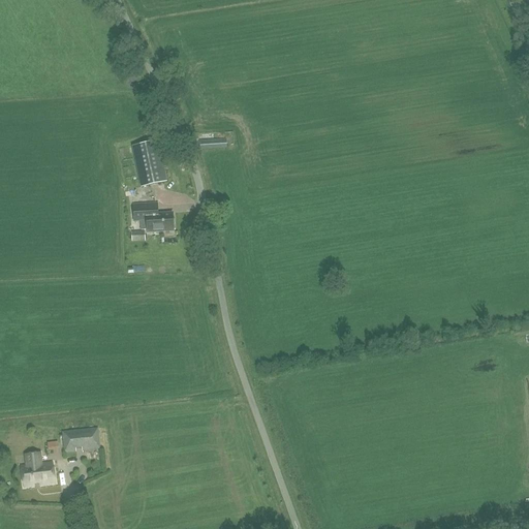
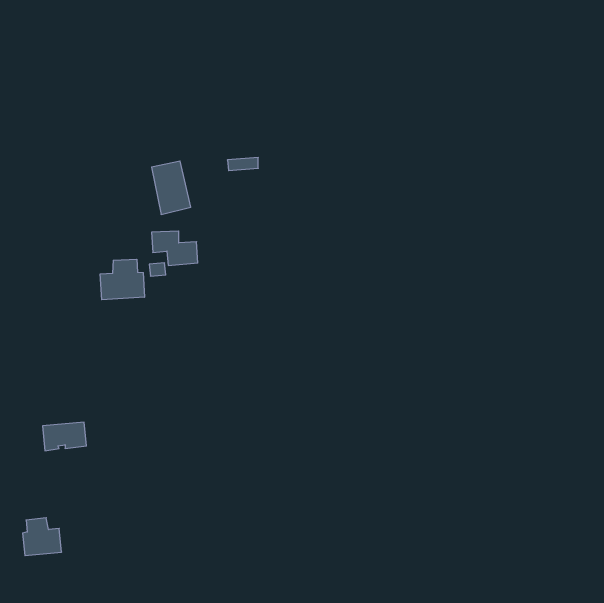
building: none -> [100,259,144,300]
building: [61,427,99,452] -> [43,422,86,451]

